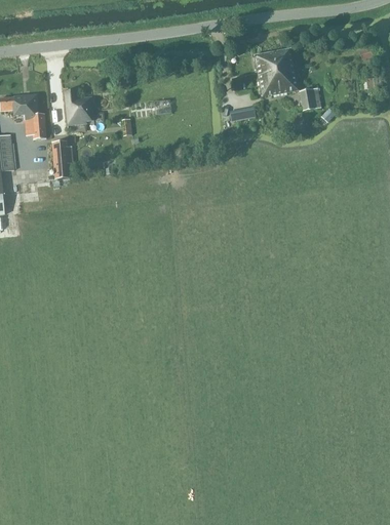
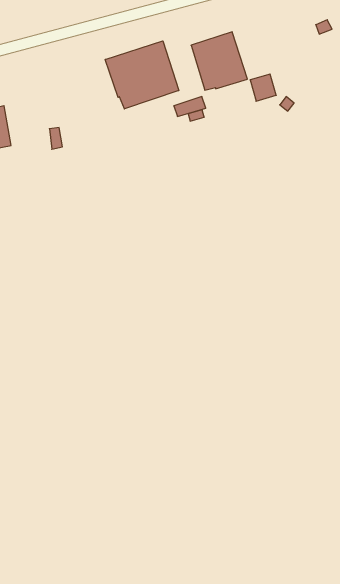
building: none -> [105,41,179,109]

